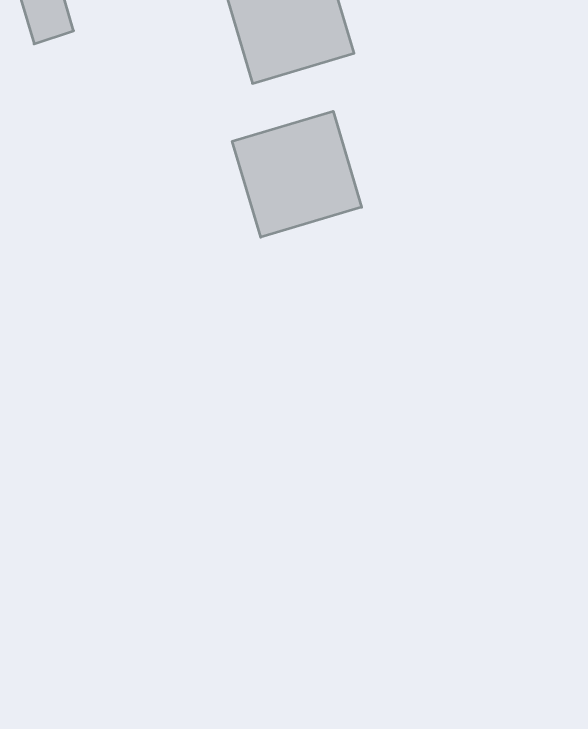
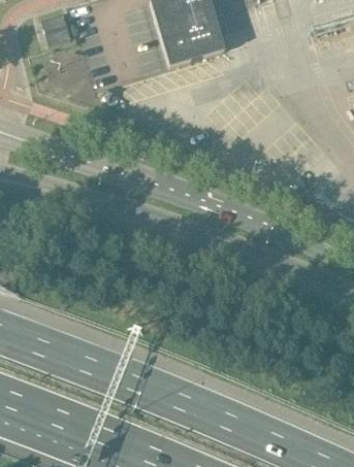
building: [232,111,362,237] -> none

